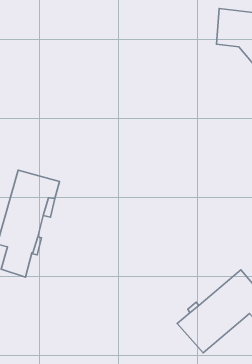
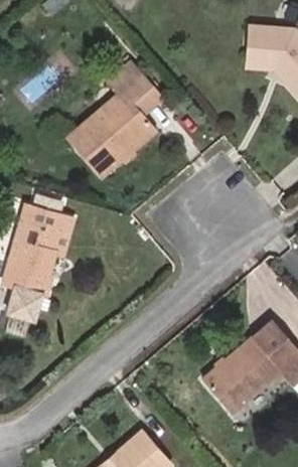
building: none -> [64,71,159,177]

